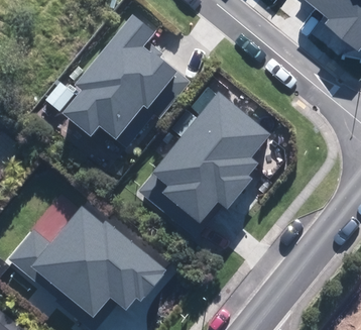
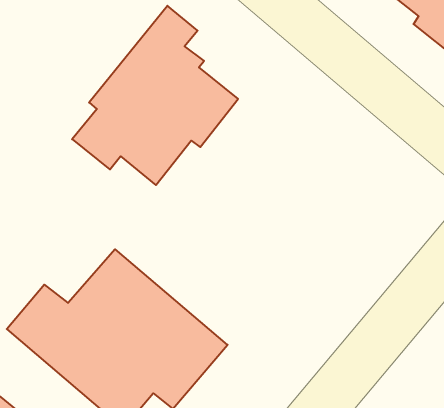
building: [150,91,269,224] -> none

